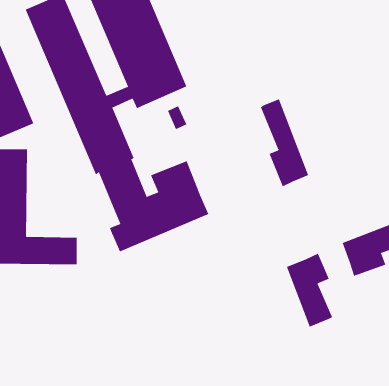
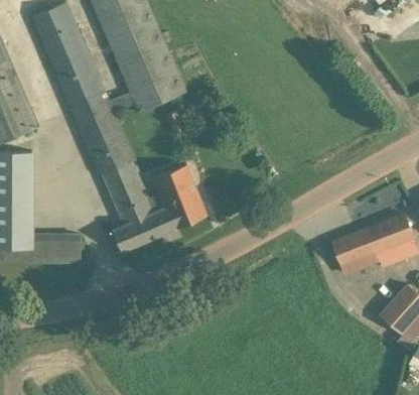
building: [260,98,309,187] -> none
building: [286,253,333,327] -> none

